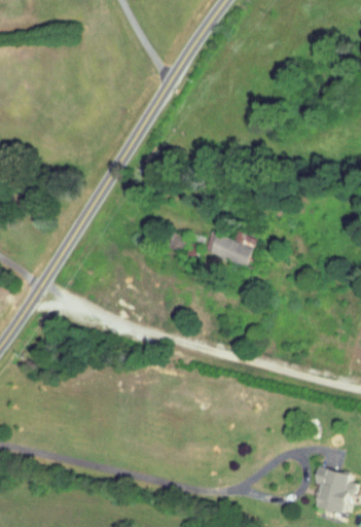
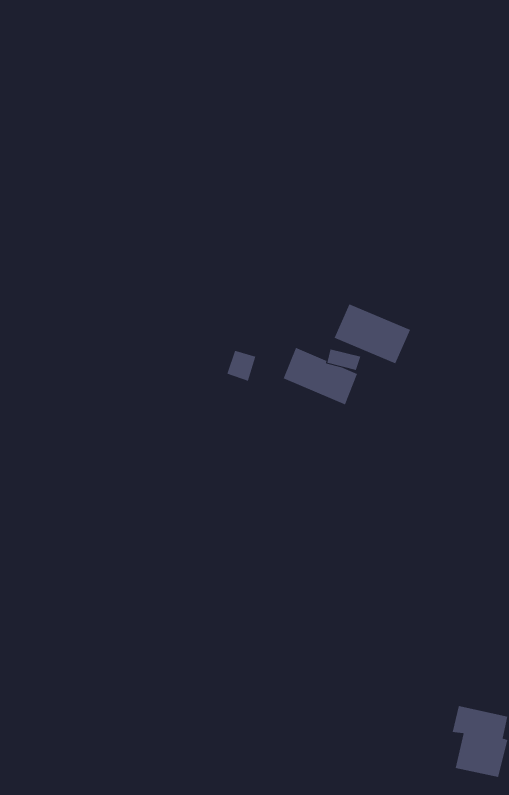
building: none -> [334,303,411,364]

